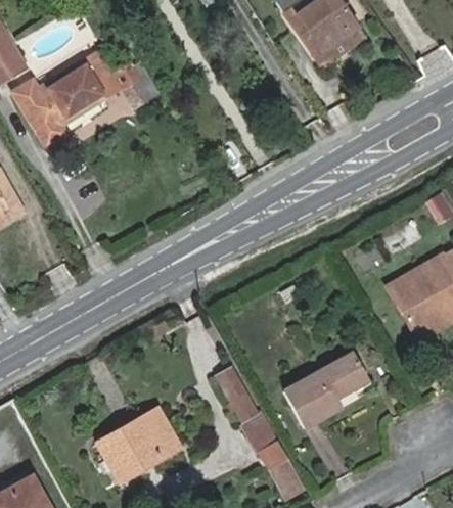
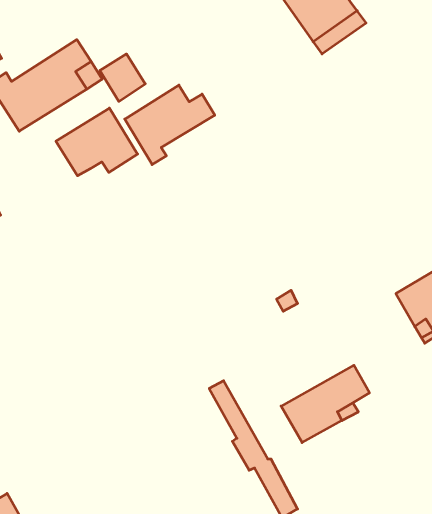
building: none -> [125,85,215,165]
building: none -> [56,108,138,176]
building: [98,408,179,479] -> none

